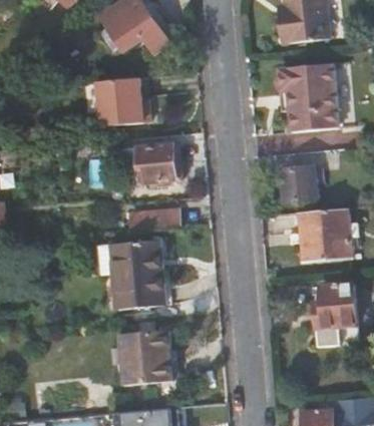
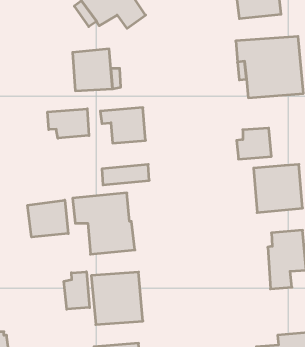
building: none -> [48,109,89,138]
building: none -> [28,200,68,237]
building: none -> [64,272,90,309]

